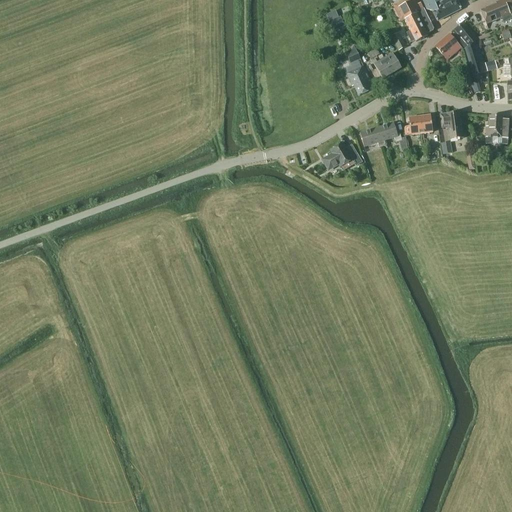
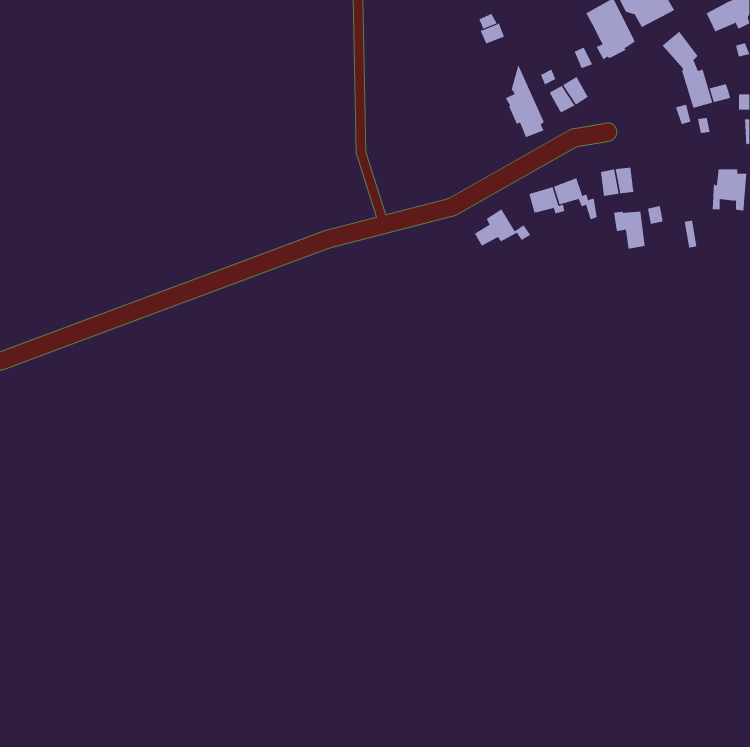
building: [435,32,461,59] -> none
building: [440,112,462,138] -> [613,211,646,249]

